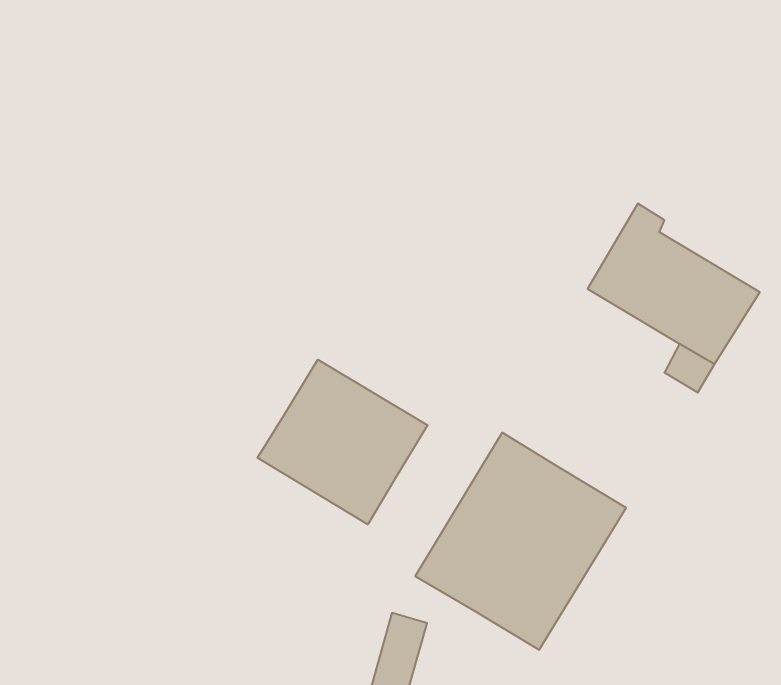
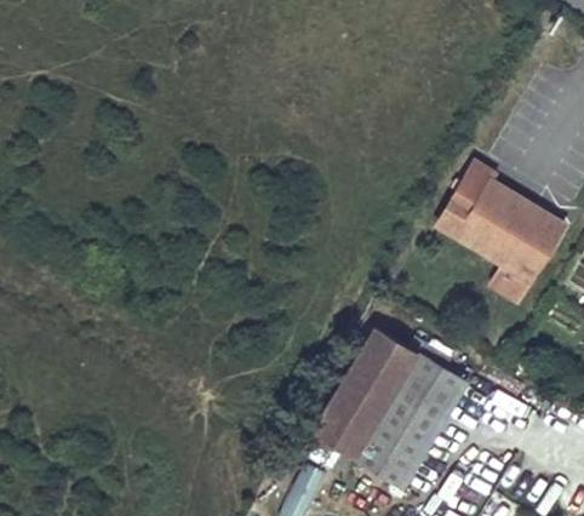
building: [257,360,428,524] -> none

